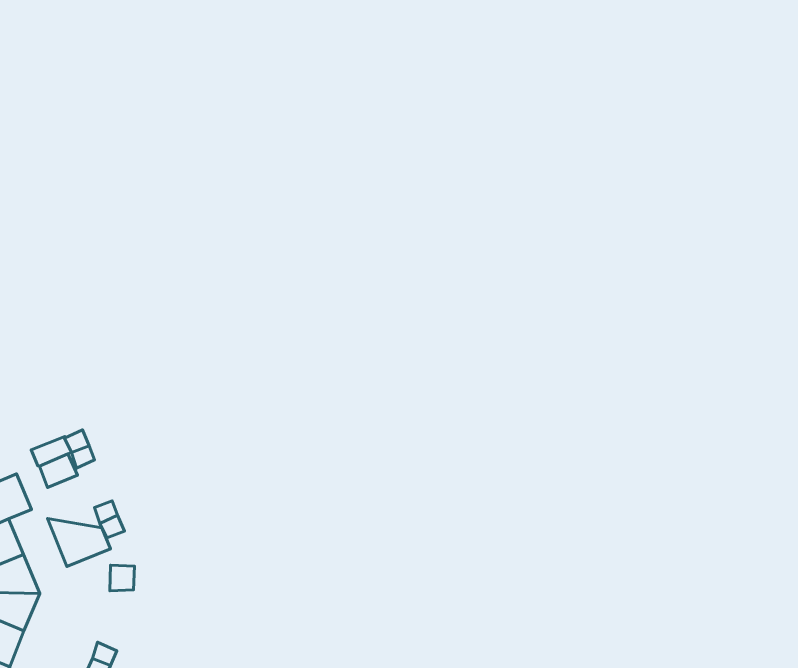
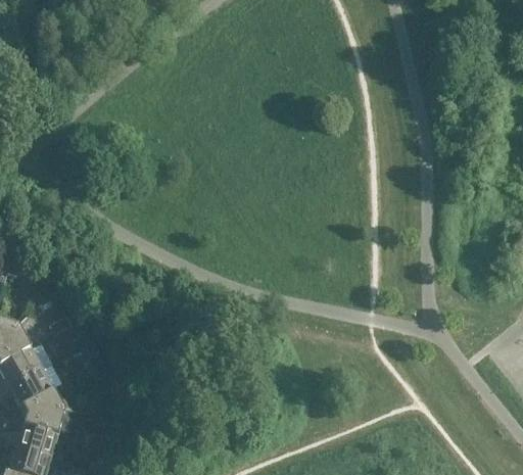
building: [47,518,110,567] -> none

